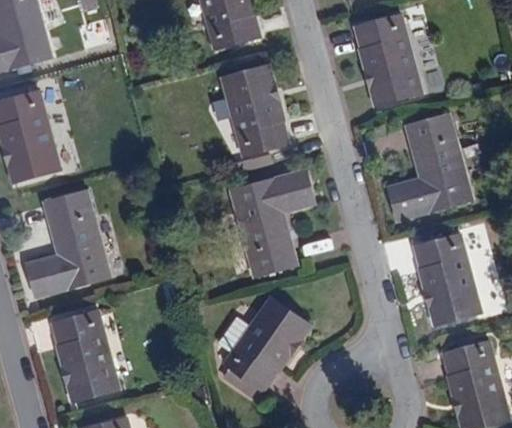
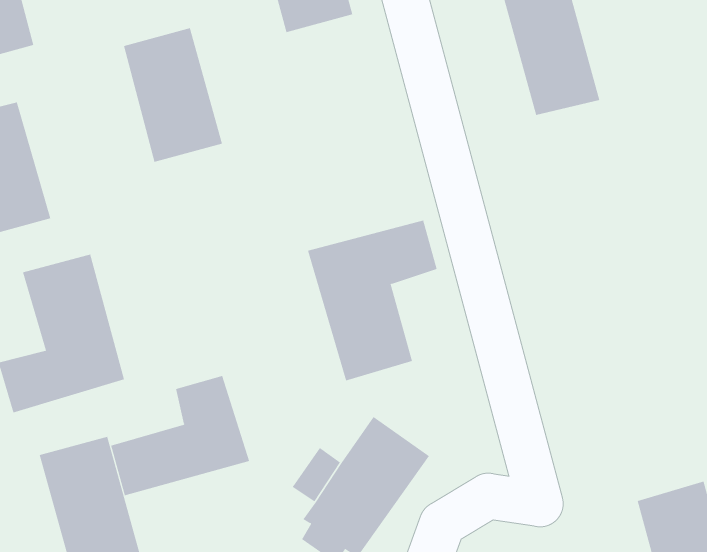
building: [223,67,288,155] -> [123,27,223,162]
building: [390,115,472,220] -> none
building: [415,236,480,324] -> none
building: none -> [110,375,250,496]

